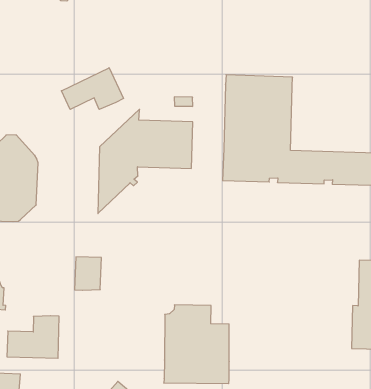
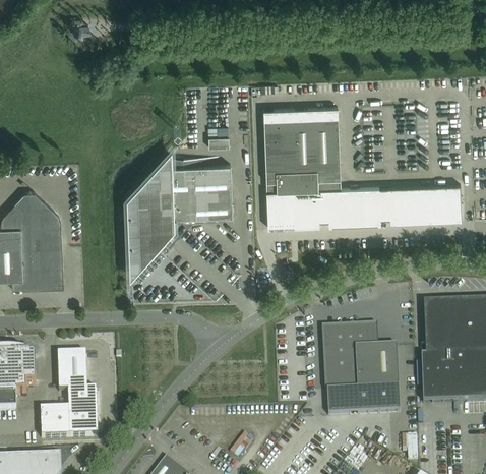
building: [61,68,124,109] -> none
building: [75,257,101,290] -> [57,352,86,390]
building: [164,305,229,384] -> [323,324,400,414]

